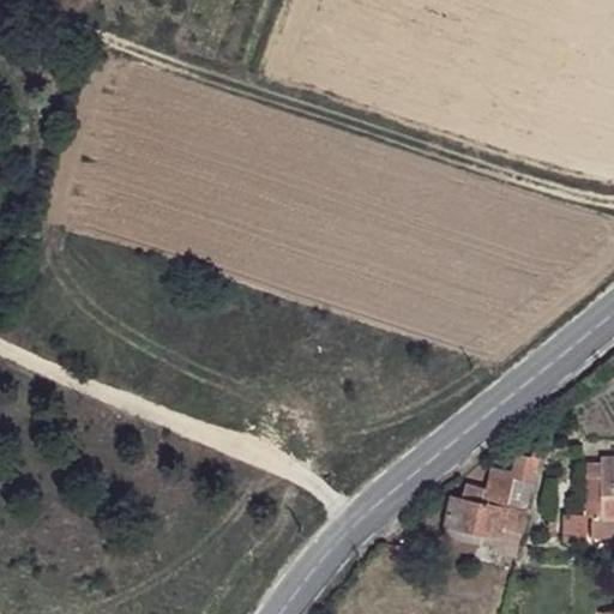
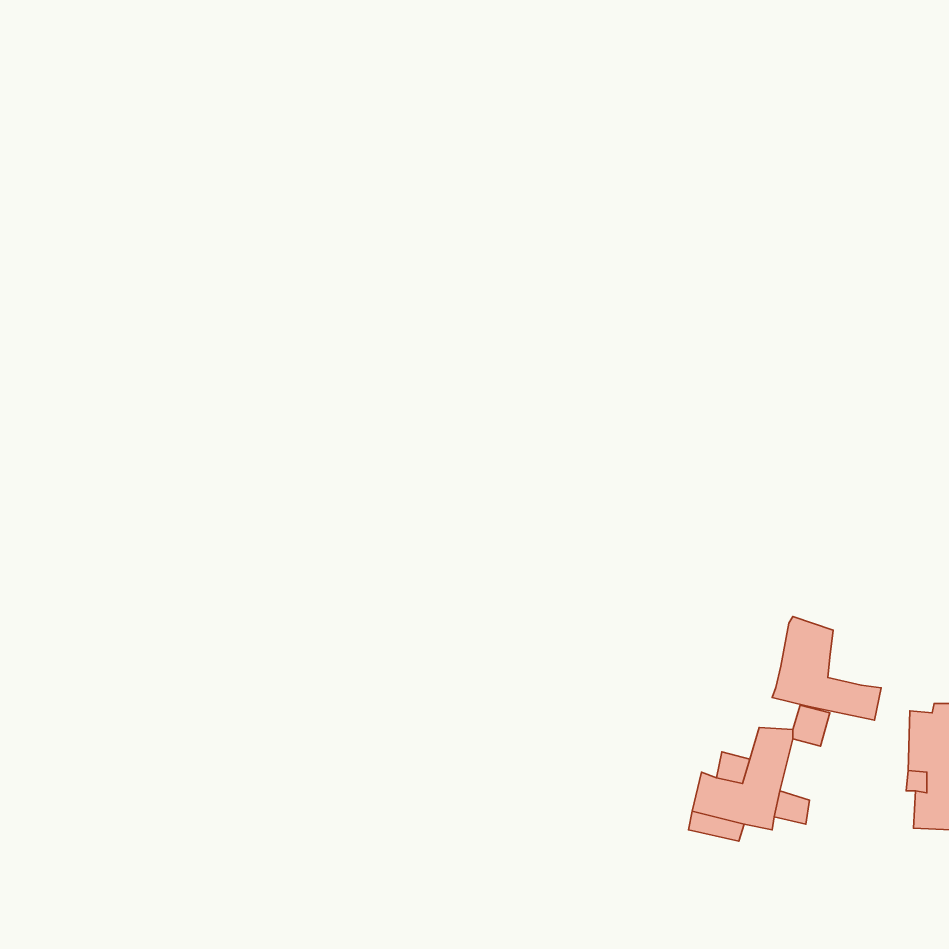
building: none -> [772,617,881,720]

